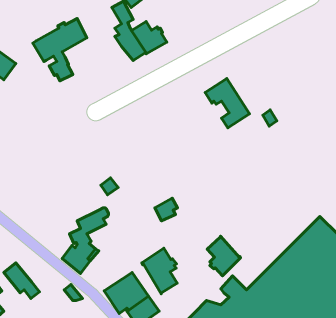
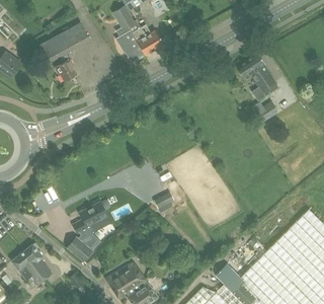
building: [205,78,250,128] -> [236,54,277,100]
building: [207,236,240,276] -> none
building: [142,248,177,294] -> none
building: none -> [22,242,52,279]

